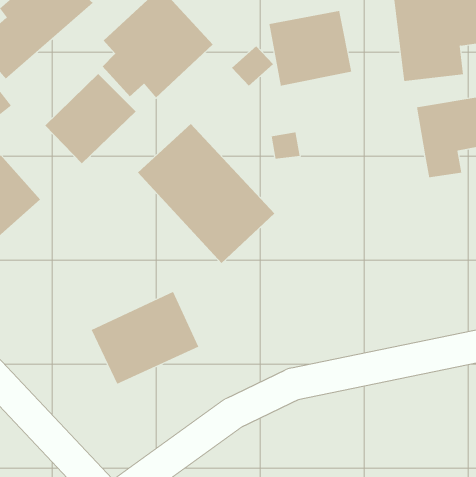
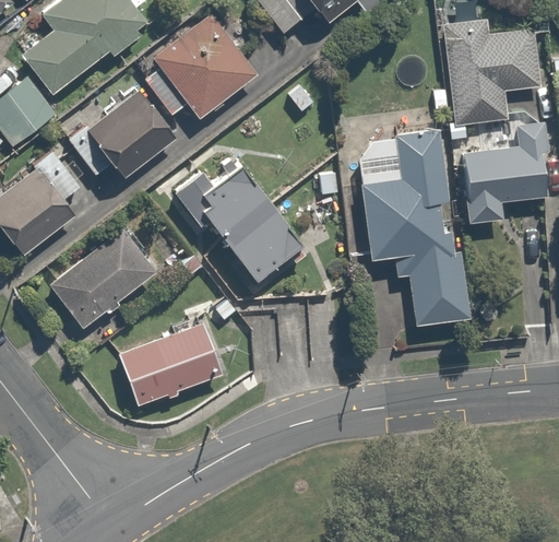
building: [269,10,352,86] -> none
building: none -> [362,128,468,335]
building: none -> [51,225,160,330]

